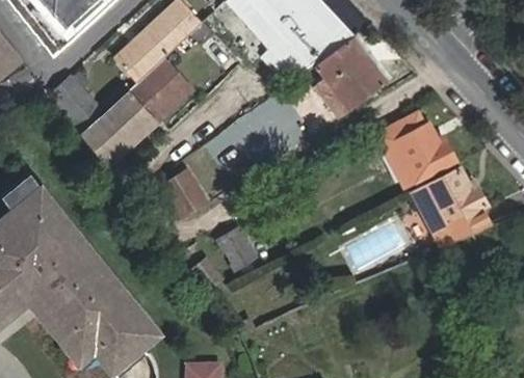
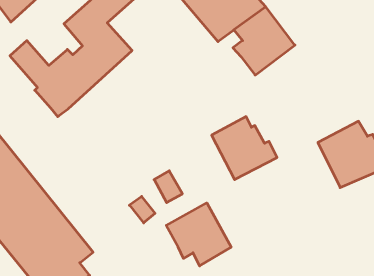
building: [378,112,455,186] -> [212,117,277,180]
building: [165,171,205,214] -> none
building: none -> [166,203,231,266]

